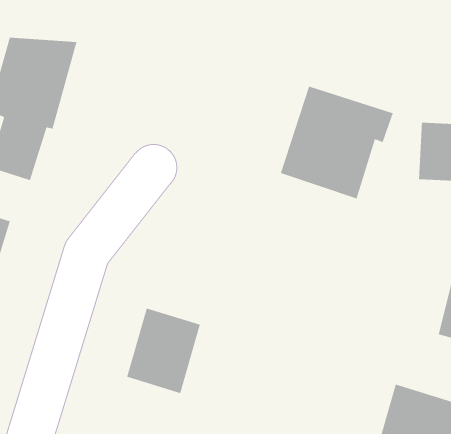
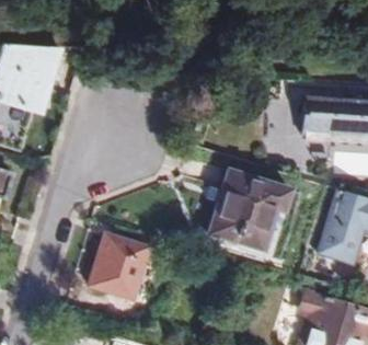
building: [280,85,394,199] -> [210,173,292,255]

